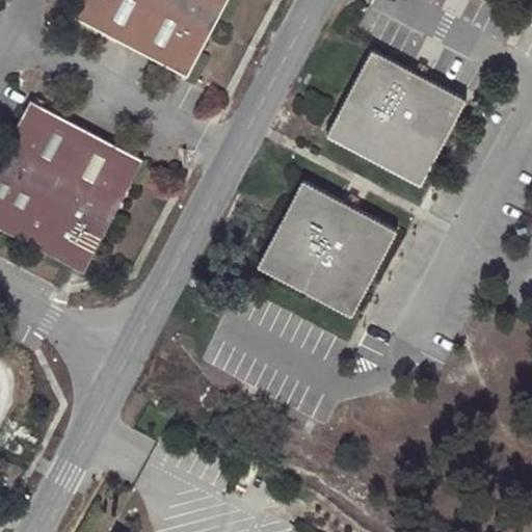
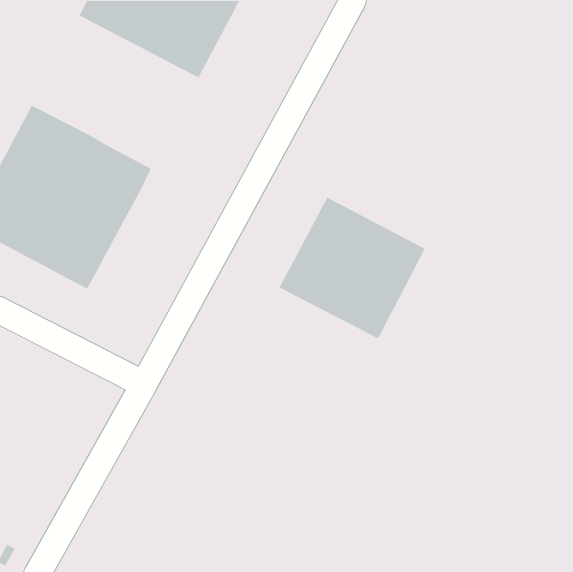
building: [327,52,464,186] -> none

